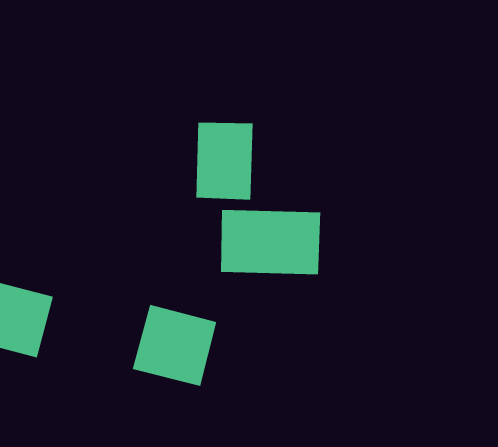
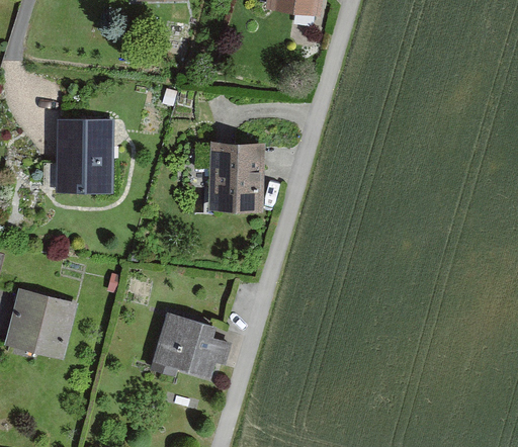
building: none -> [58,123,112,198]
building: [221,209,321,275] -> none

